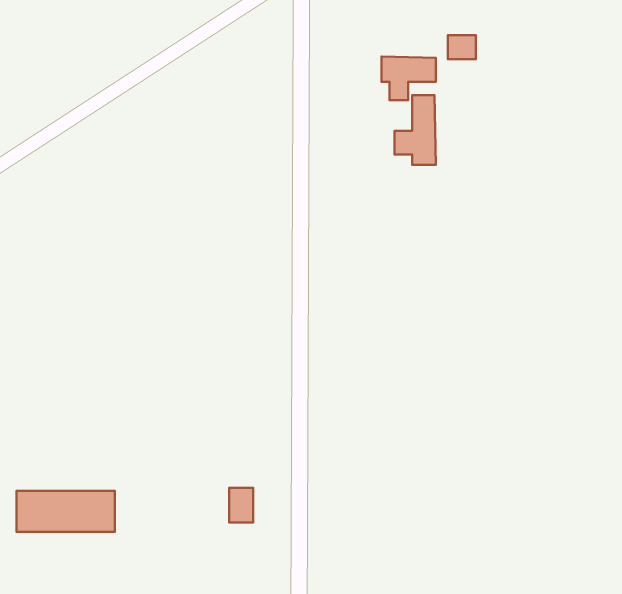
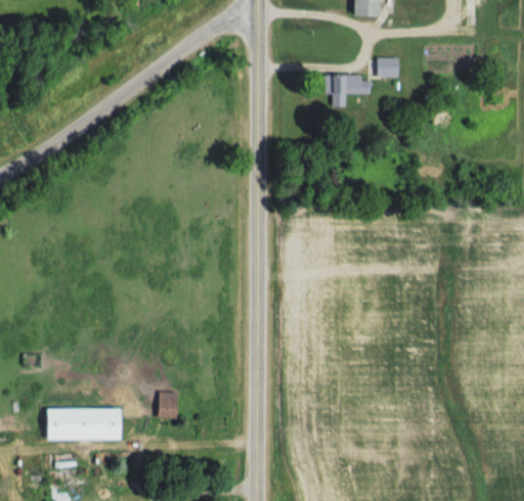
building: [394,95,436,165] -> none
building: [229,488,253,522] -> [160,392,178,418]

